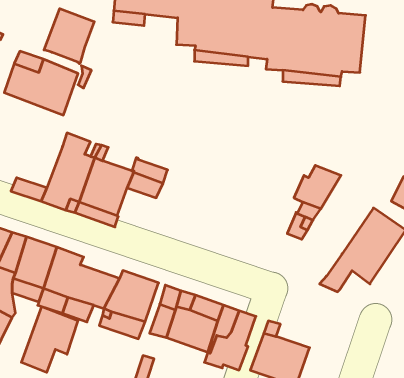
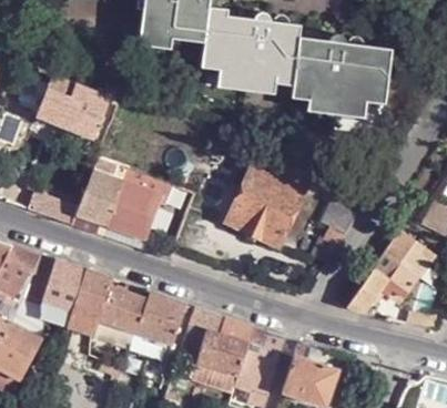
building: [44,9,94,64] -> none
building: none -> [228,165,305,245]
building: [21,307,78,372] -> none

